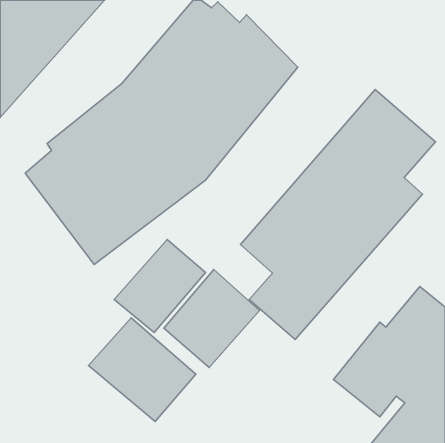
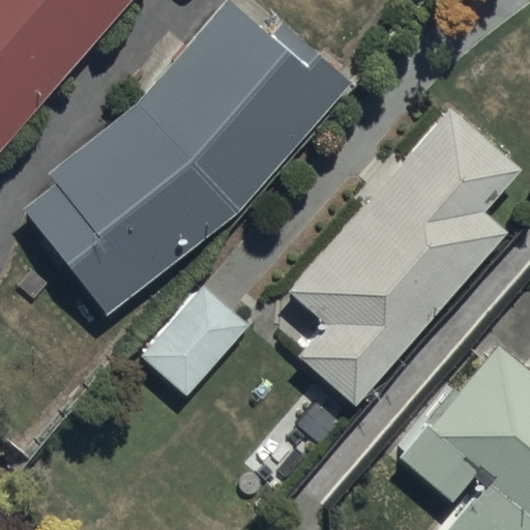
building: [164,269,259,368] -> none
building: [88,318,196,421] -> none

